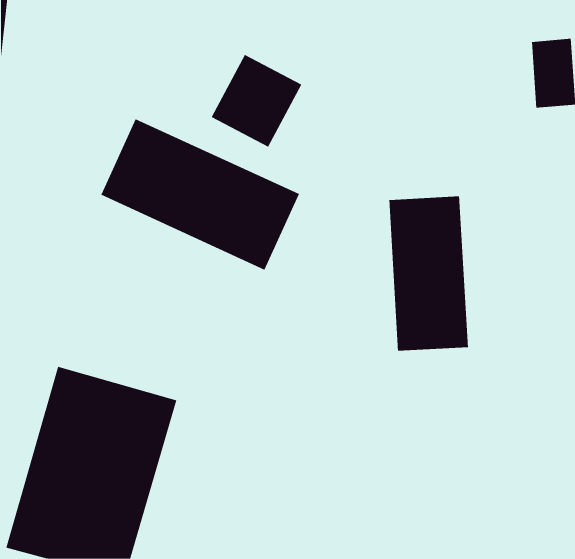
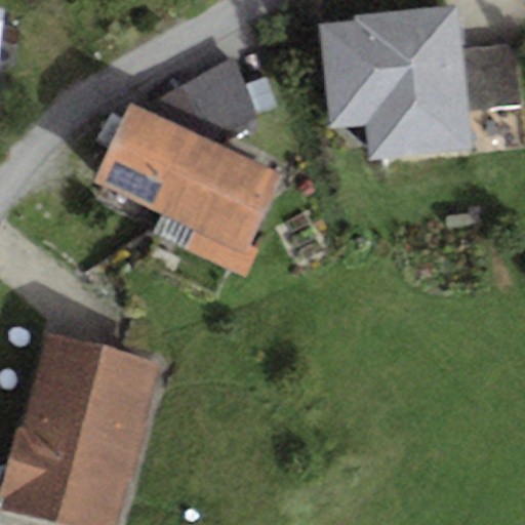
building: none -> [318,9,469,159]
building: [389,195,468,352] -> none

